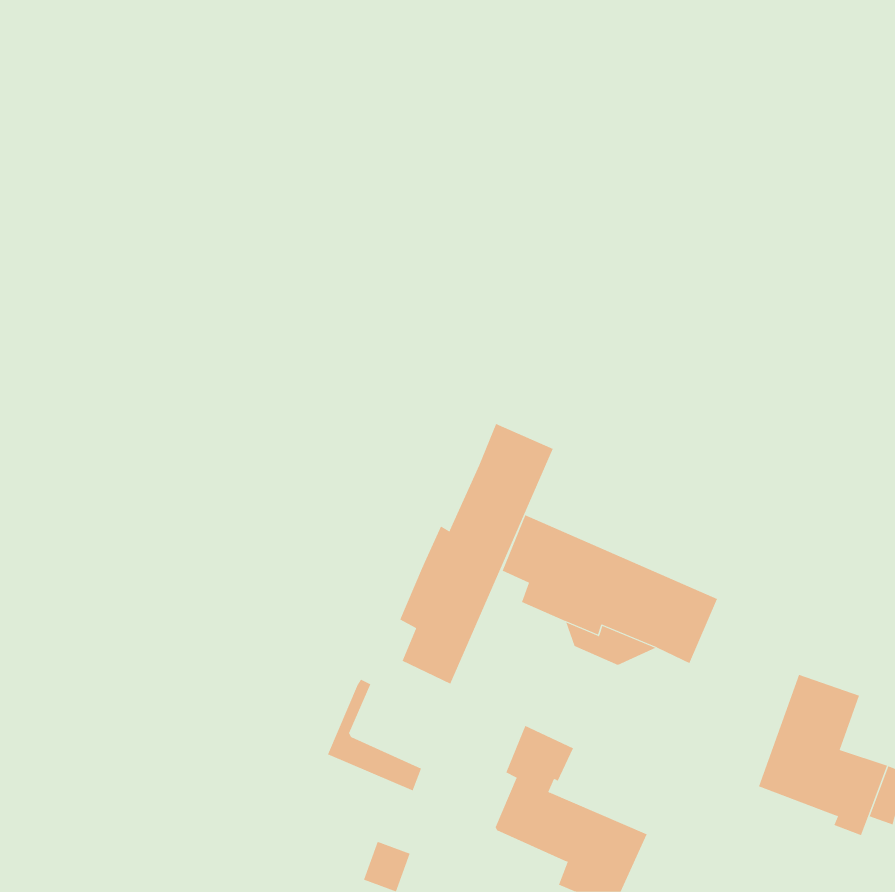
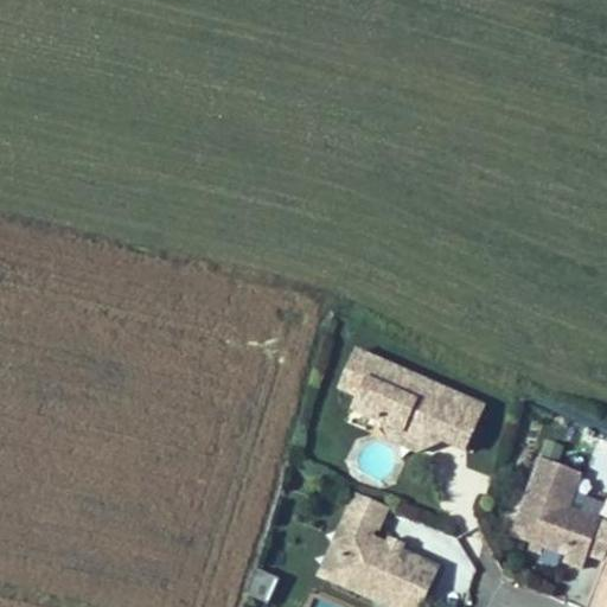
building: [399,423,553,685] -> none
building: [327,679,422,791] -> [320,522,384,598]

